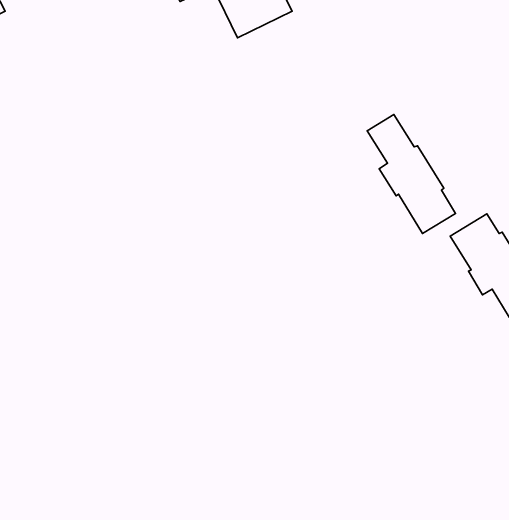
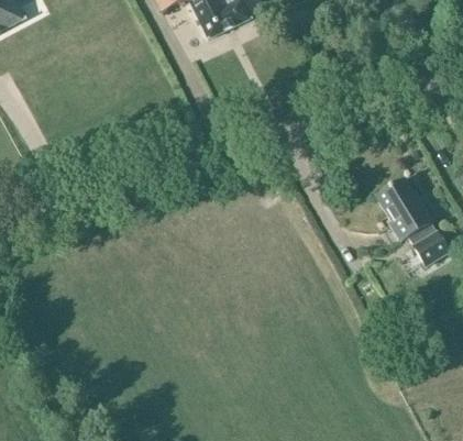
building: [367,115,455,234] -> none

